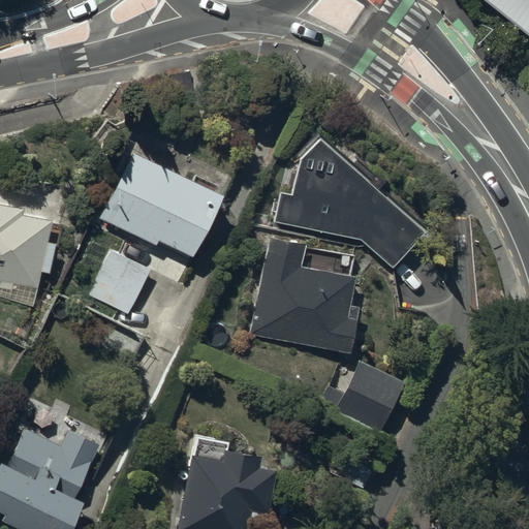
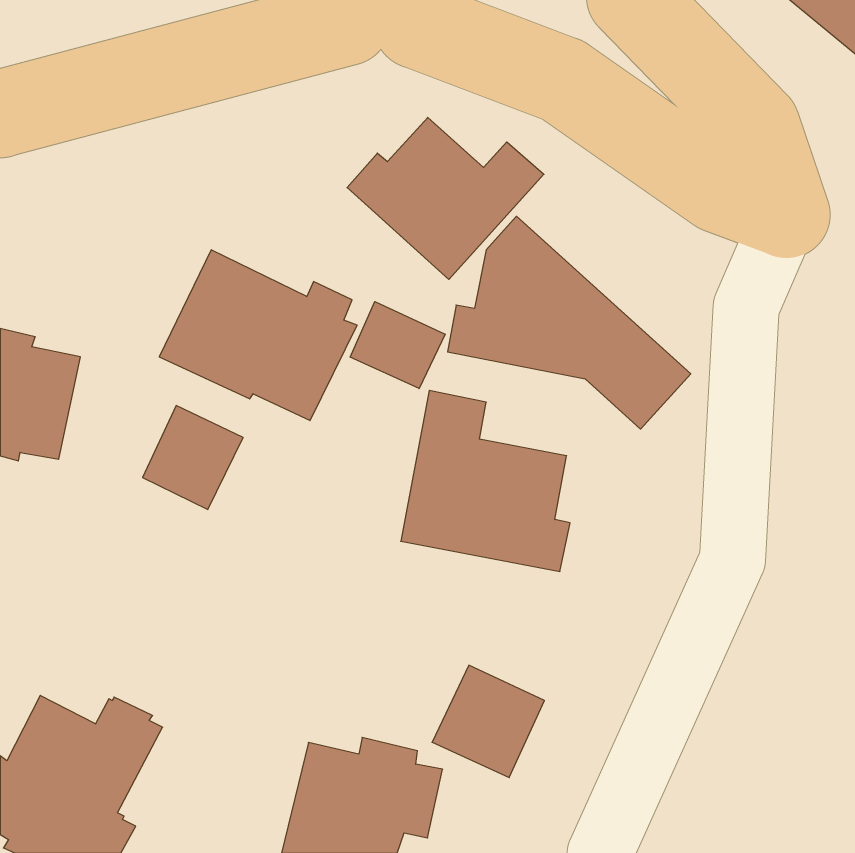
building: none -> [347,117,544,279]
building: none -> [350,302,445,389]
building: [334,362,403,431] -> [432,665,544,778]

